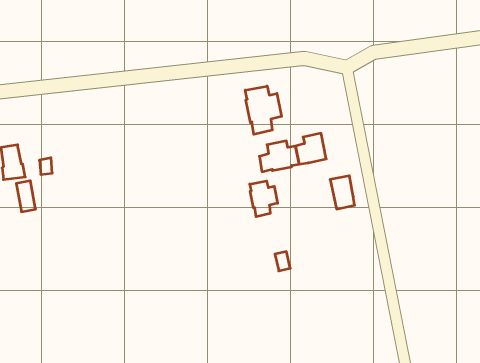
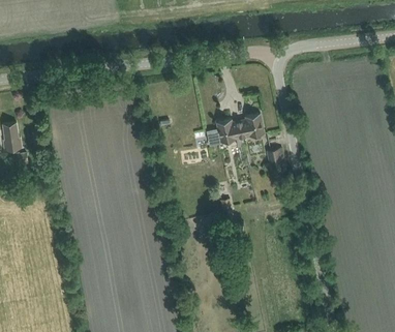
building: [245,86,282,134] -> none
building: [250,181,278,217] -> none

